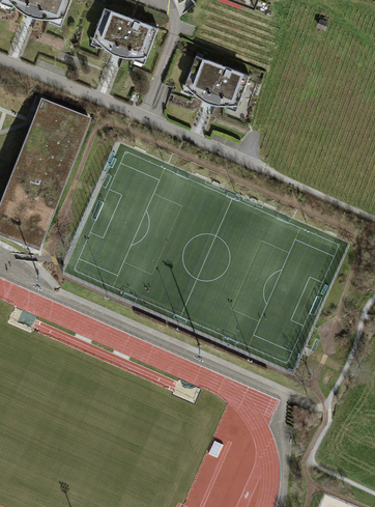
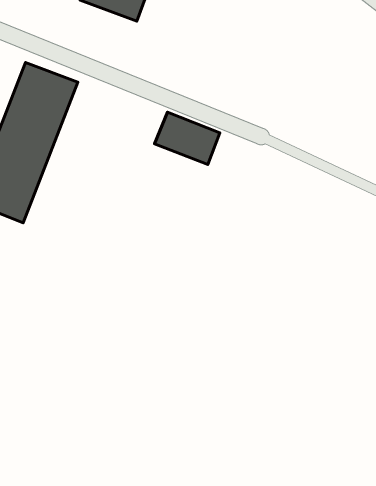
building: [182,55,244,105] -> [154,112,220,165]

